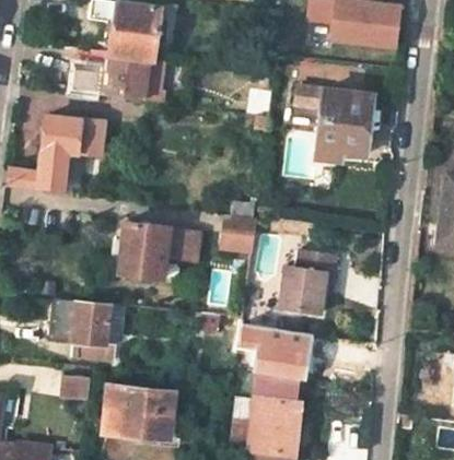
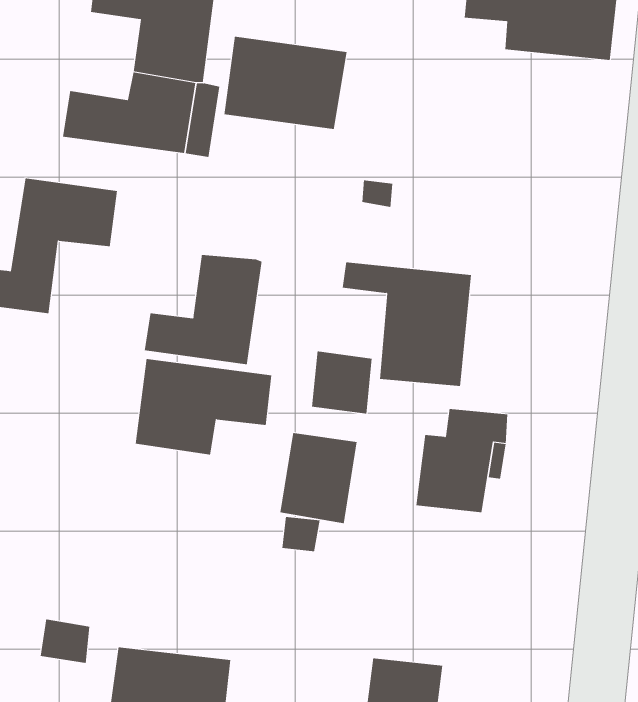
building: none -> [224,36,347,130]
building: [295,89,372,162] -> [342,262,472,387]
building: none -> [144,254,262,365]
building: [54,298,118,361] -> none
building: [257,326,303,379] -> [279,433,357,524]

